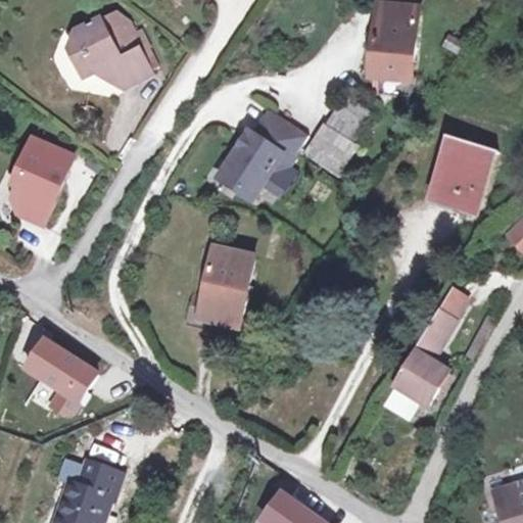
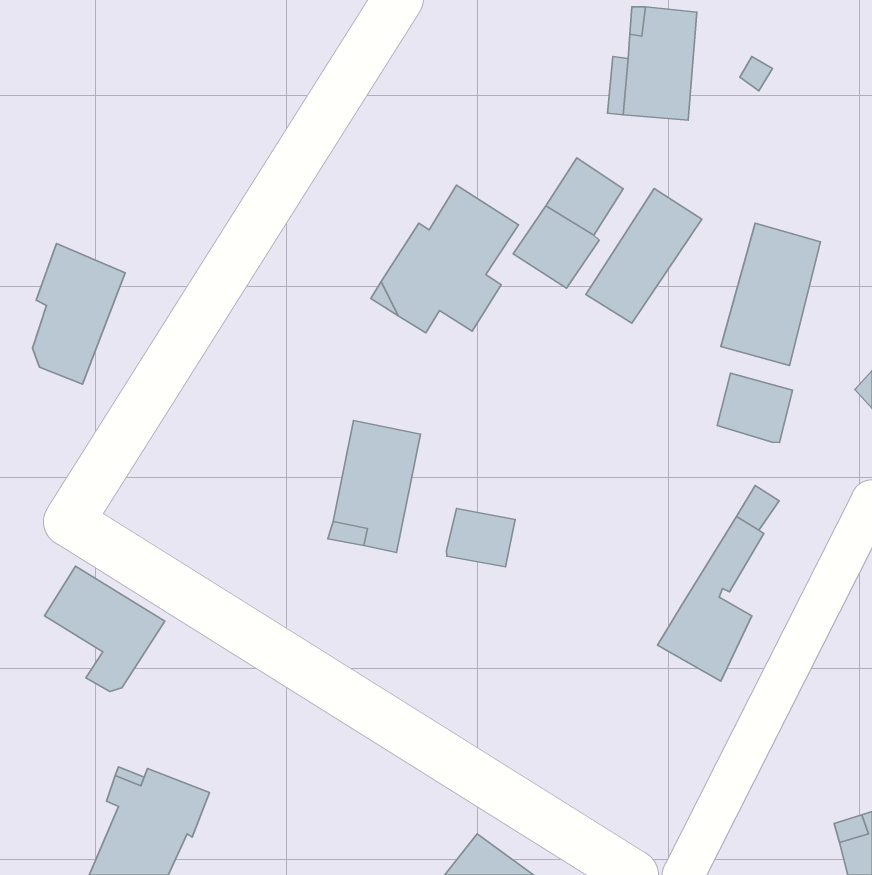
building: [62,18,158,95] -> none
building: none -> [586,188,702,323]
building: none -> [717,373,793,443]
building: none -> [447,509,515,567]

